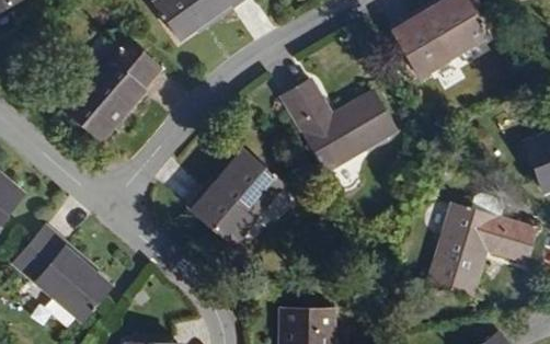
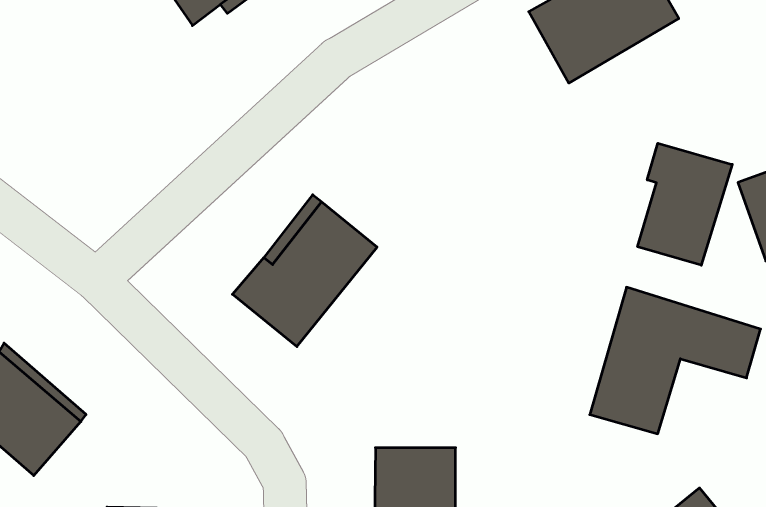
building: [66,36,168,141] -> none
building: [287,73,401,164] -> none
building: none -> [638,143,732,265]

